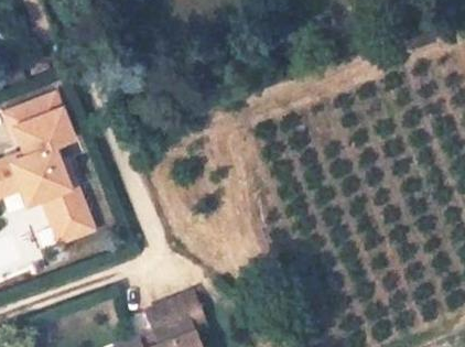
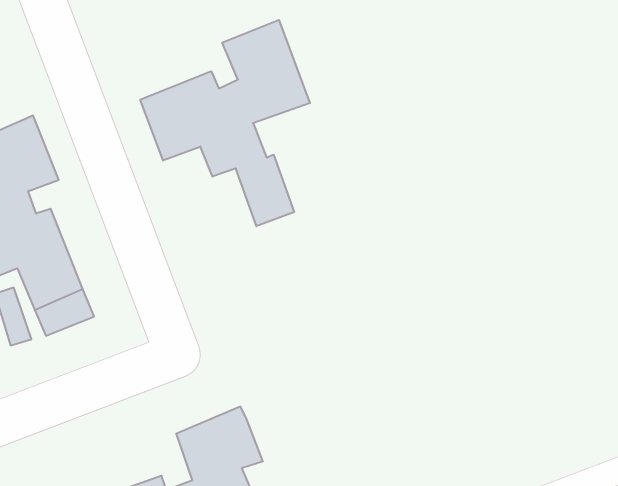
building: none -> [140,20,310,226]

